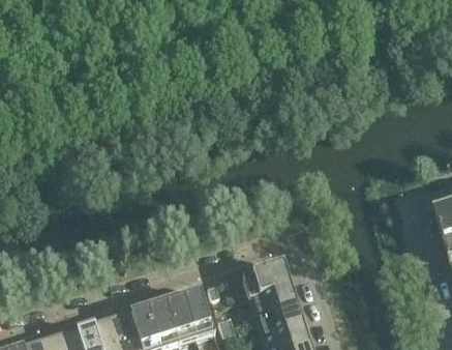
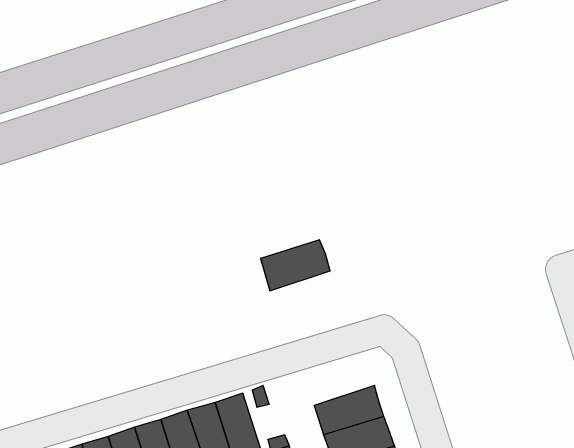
building: [243,263,290,297] -> [261,240,330,291]

